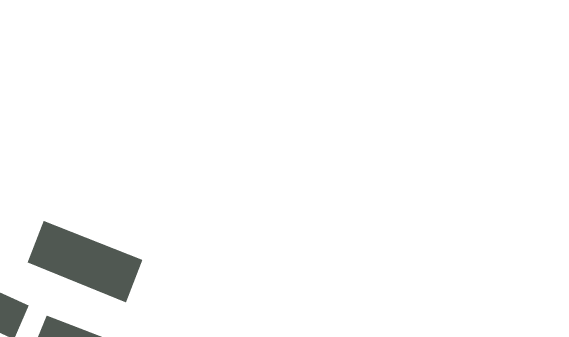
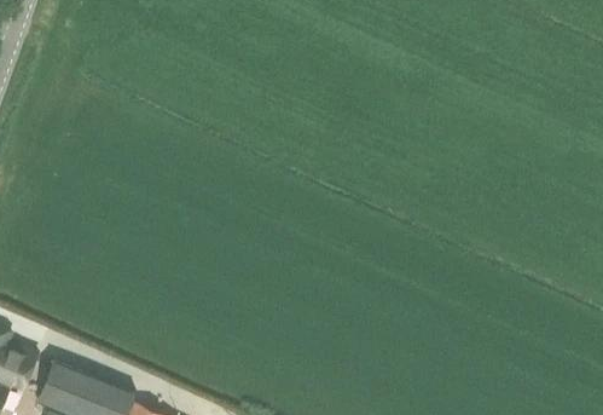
building: [27,220,144,304] -> none

